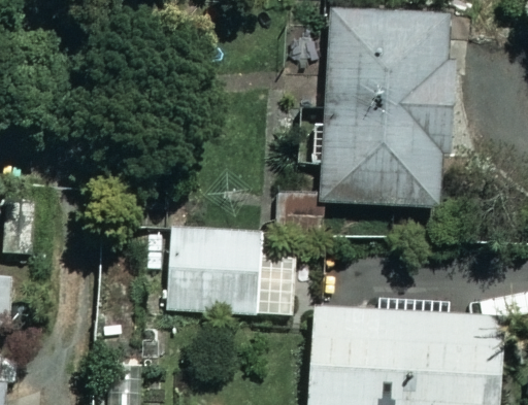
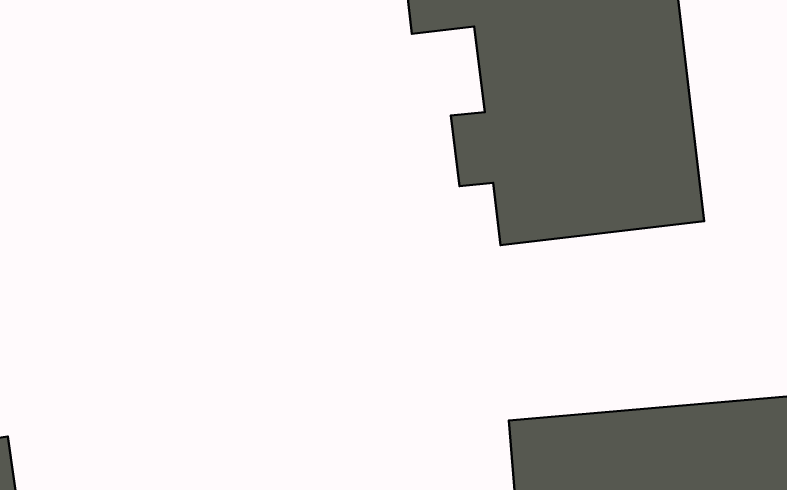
building: [166,230,296,311] -> none

